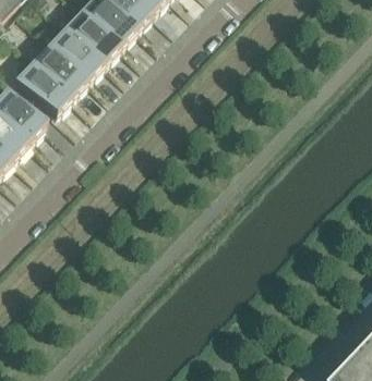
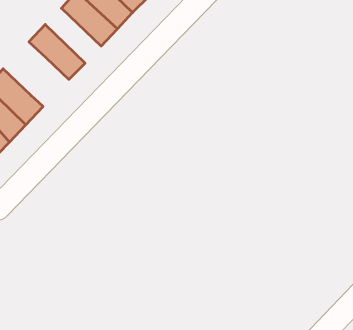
building: [48,24,105,79] -> none
building: [14,58,72,114] -> none

